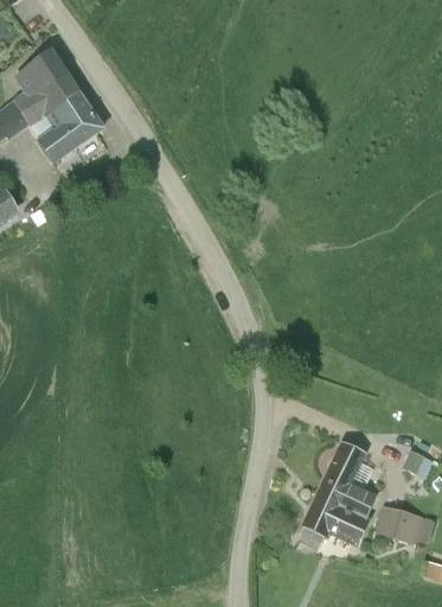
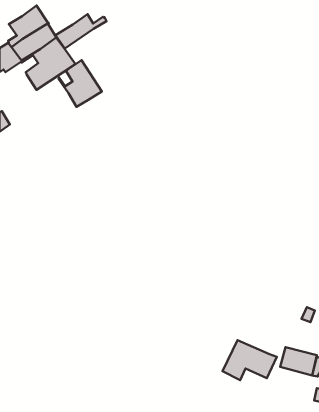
building: none -> [56,14,106,49]
building: none -> [58,60,102,107]
building: [319,442,371,515] -> none

